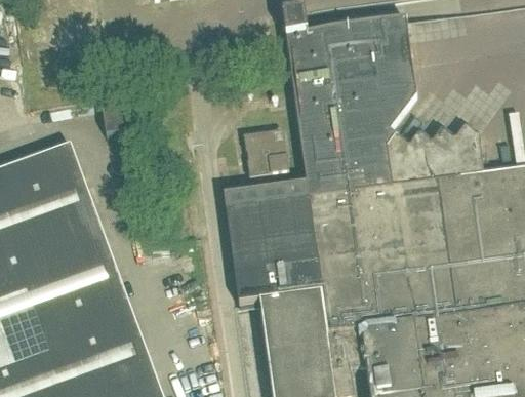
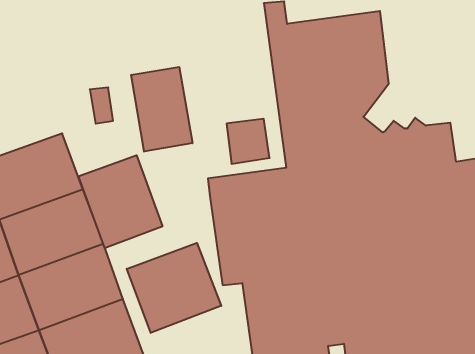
building: none -> [131,67,192,152]
building: none -> [78,155,162,248]
building: none -> [127,243,221,333]

